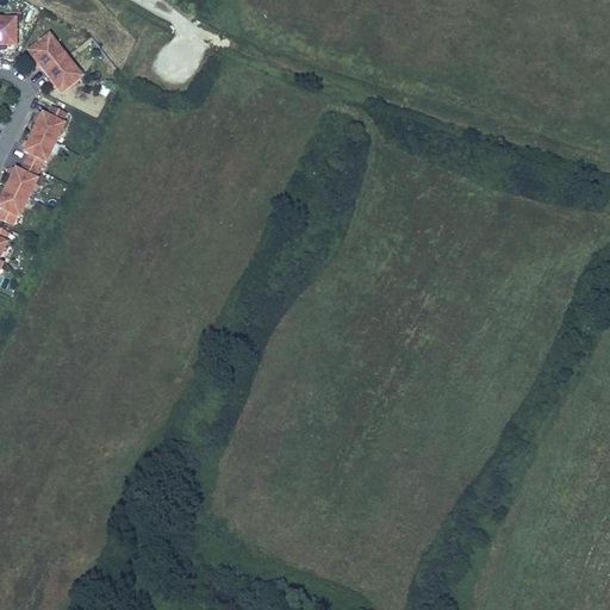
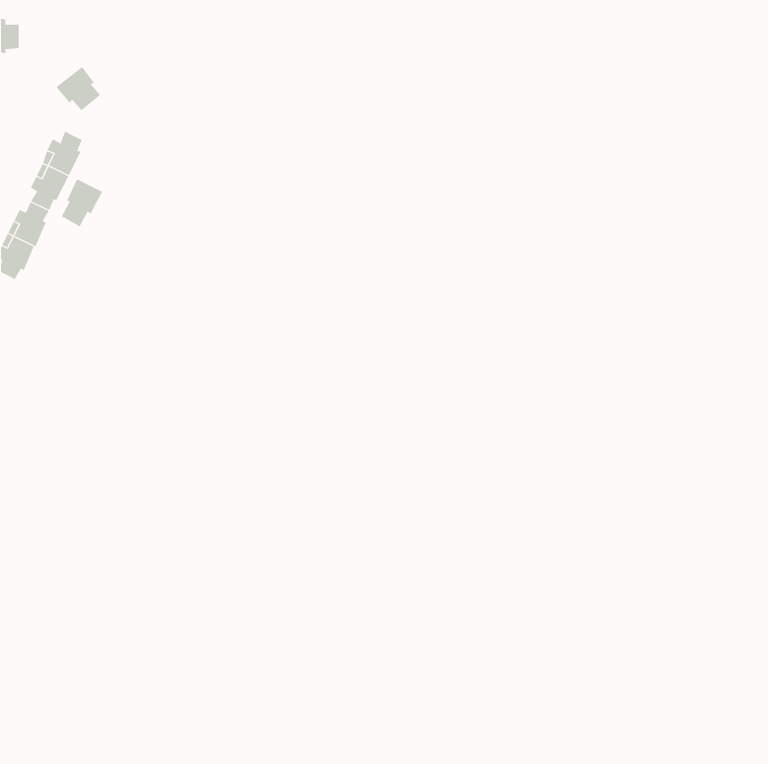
building: [31,33,66,69] -> none
building: none -> [61,179,103,227]

